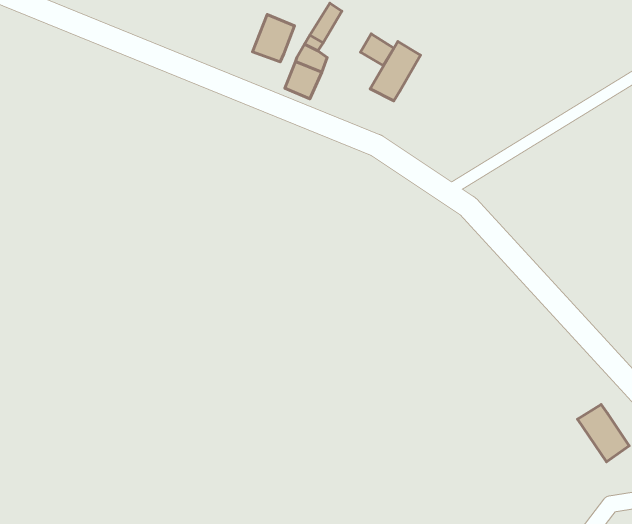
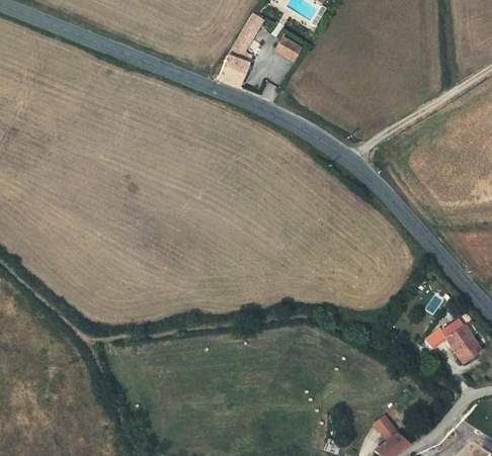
building: [252,15,294,62] -> none
building: [370,41,420,101] -> none

